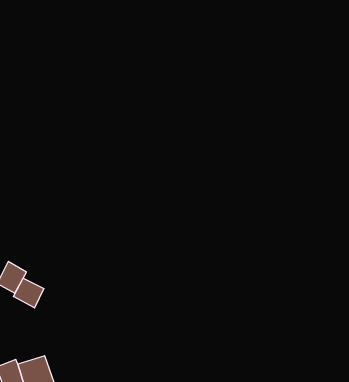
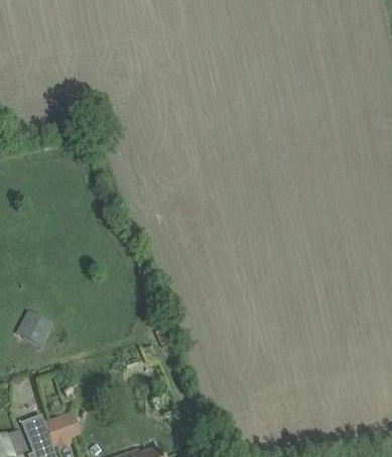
building: [13,278,44,308] -> none

